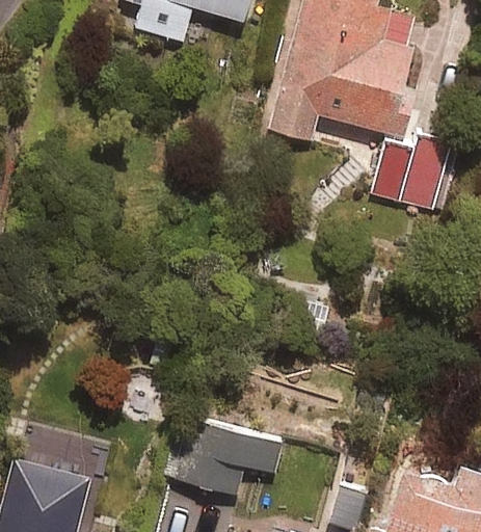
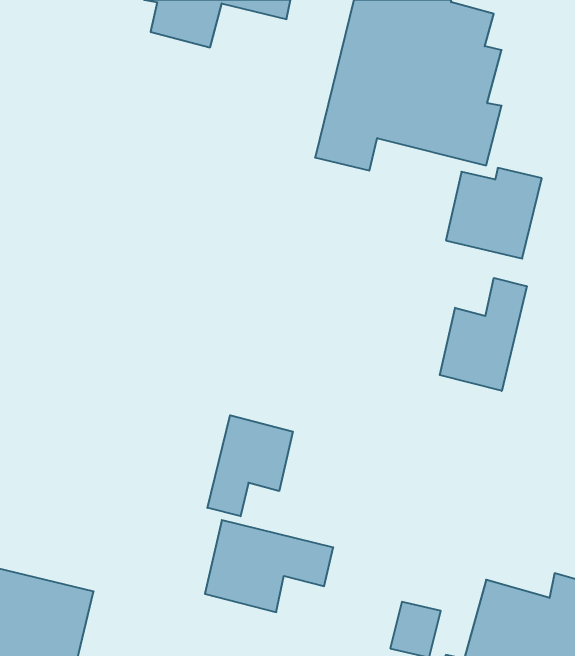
building: none -> [440,278,527,391]
building: none -> [207,415,293,516]

